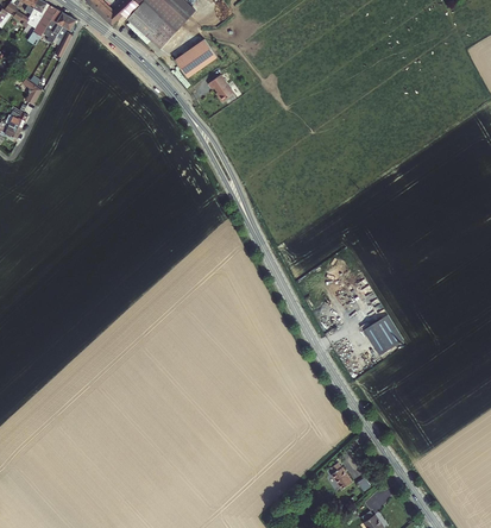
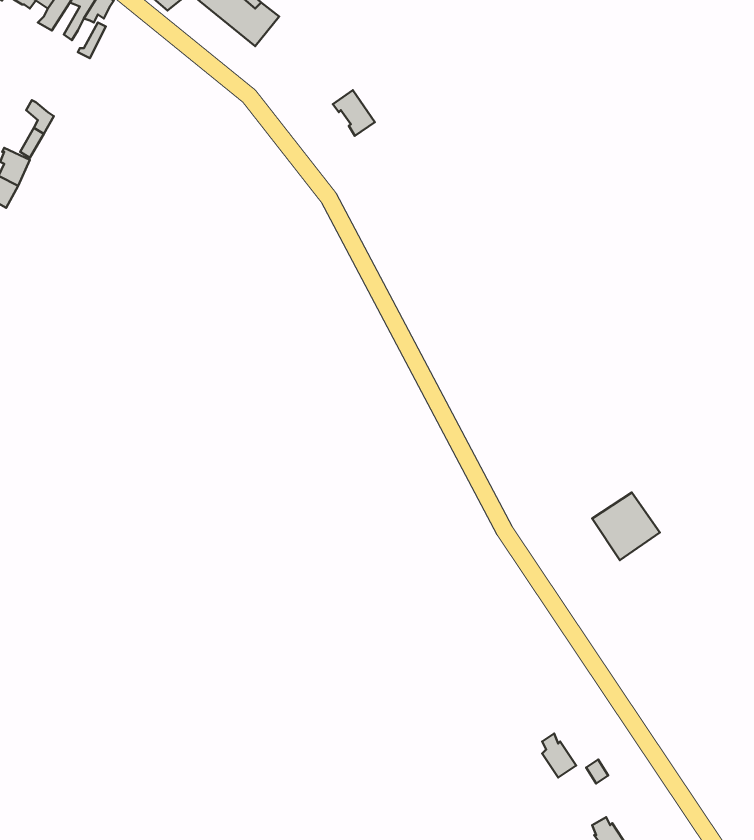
building: [176,38,218,77] -> none

